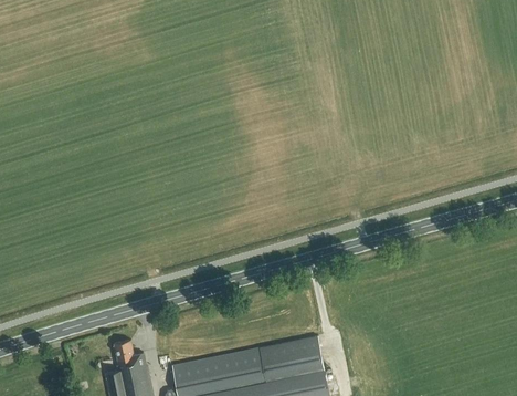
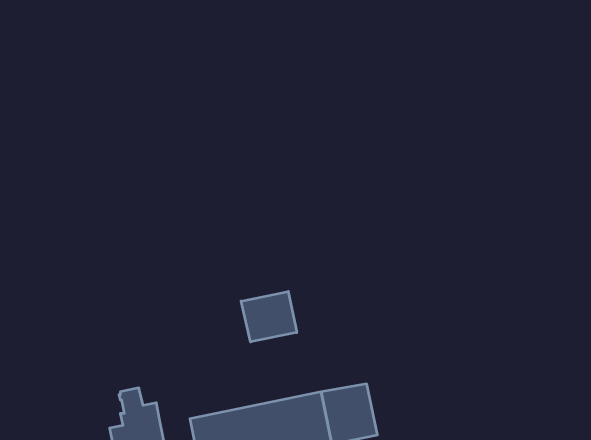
building: none -> [241,291,297,342]

